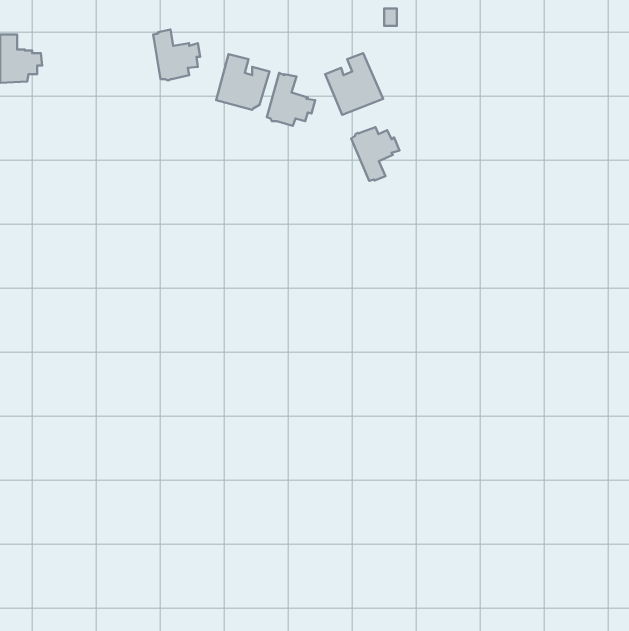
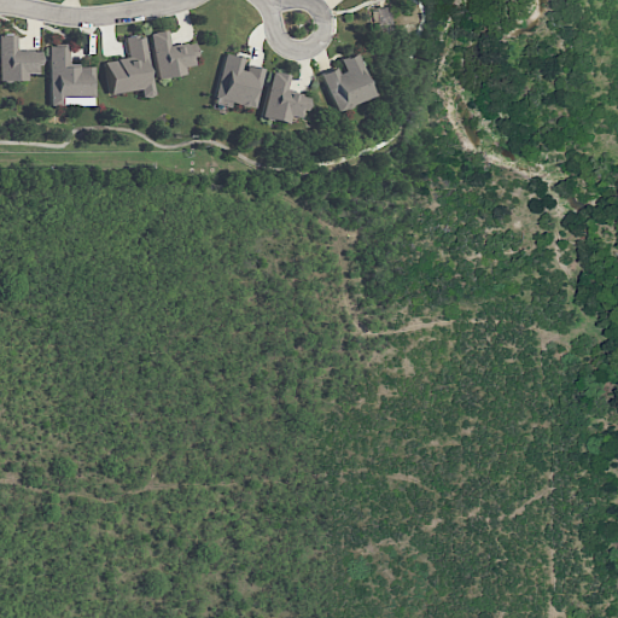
building: none -> [106,35,156,97]
building: none -> [52,42,95,105]
building: [351,127,400,181] -> none

